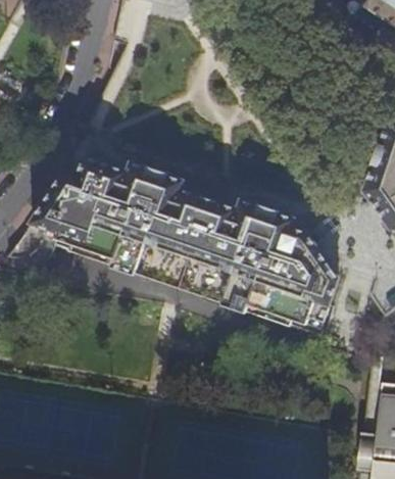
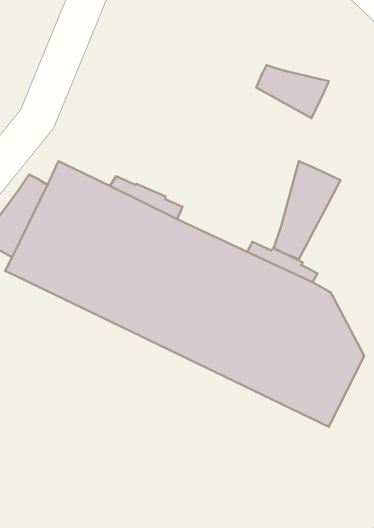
building: none -> [256,65,329,118]
building: none -> [274,161,340,259]

